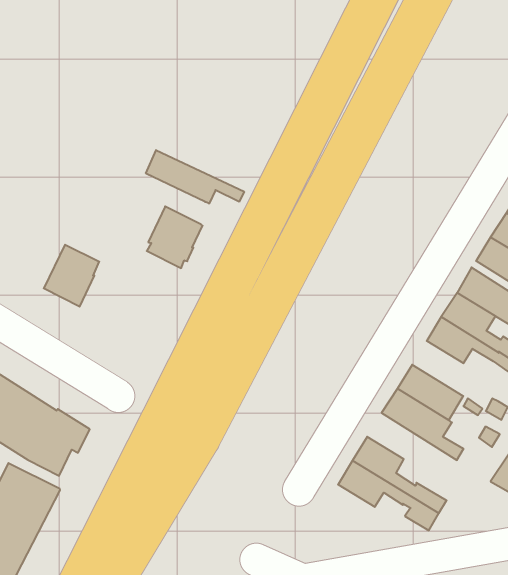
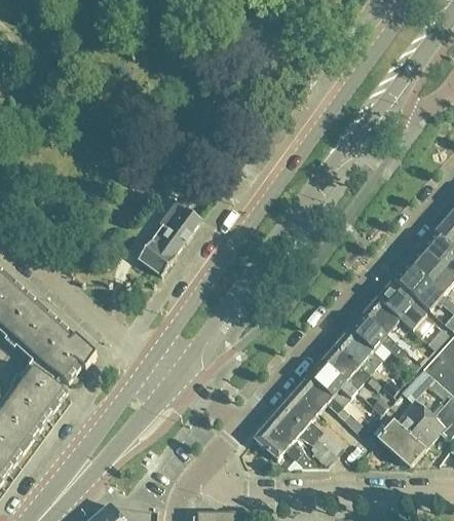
building: [146,150,244,204] -> none
building: [44,245,99,307] -> [138,231,181,277]
building: none -> [335,330,381,374]
building: none -> [294,376,364,433]
building: none -> [253,422,318,468]

